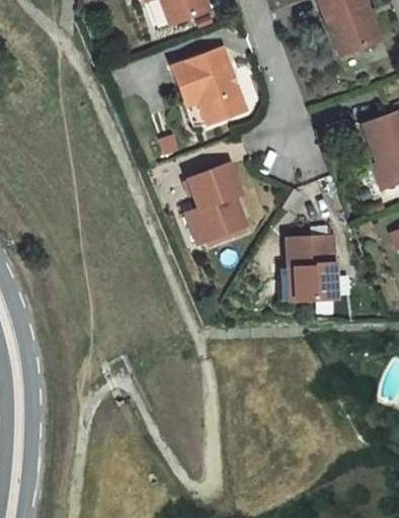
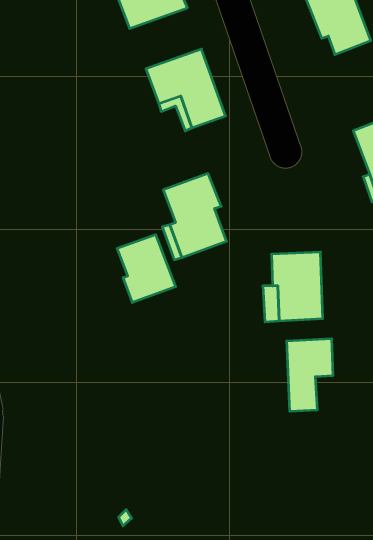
building: none -> [117,235,176,303]
building: none -> [287,339,333,411]

